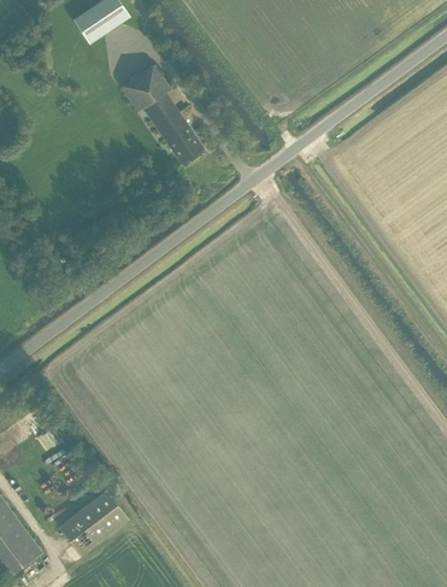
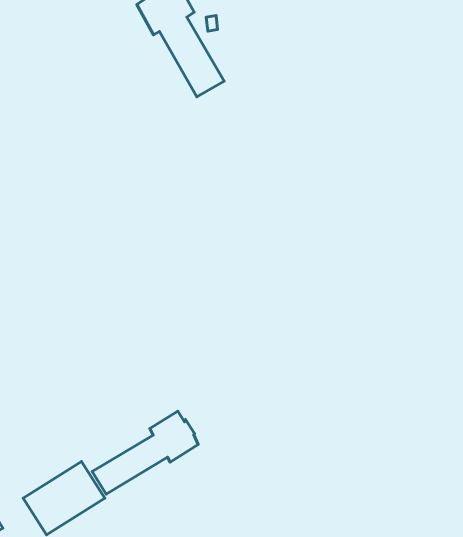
building: none -> [92,411,198,494]

